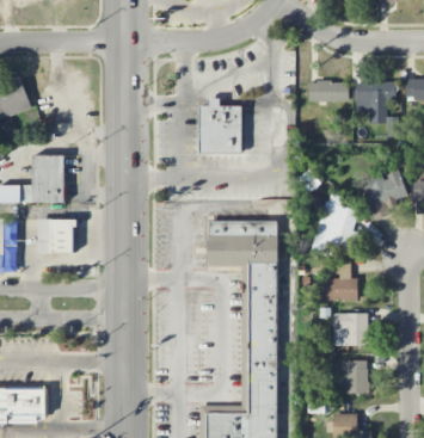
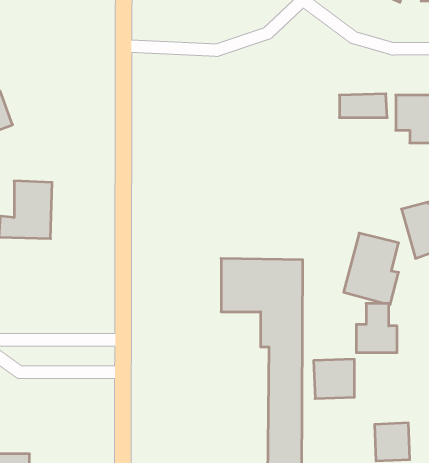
building: [198,99,241,154] -> none
building: [37,220,74,253] -> none
building: [332,313,367,346] -> [314,359,354,399]

